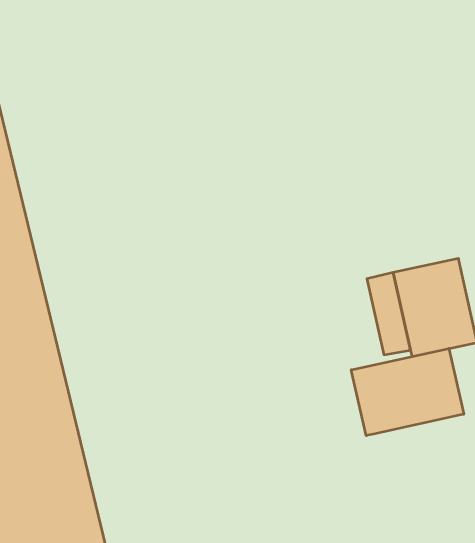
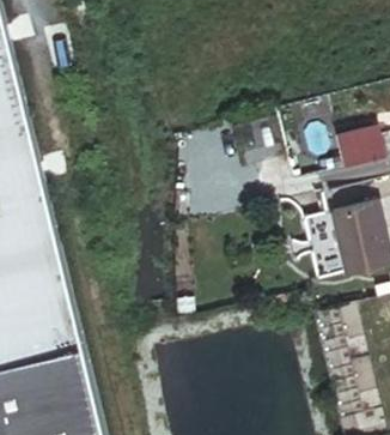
building: none -> [333,129,382,171]
building: [351,348,464,436] -> none

